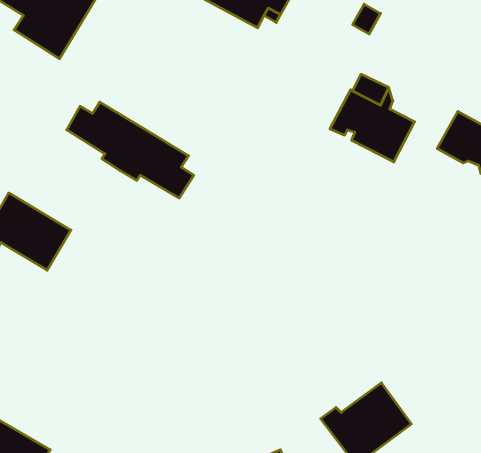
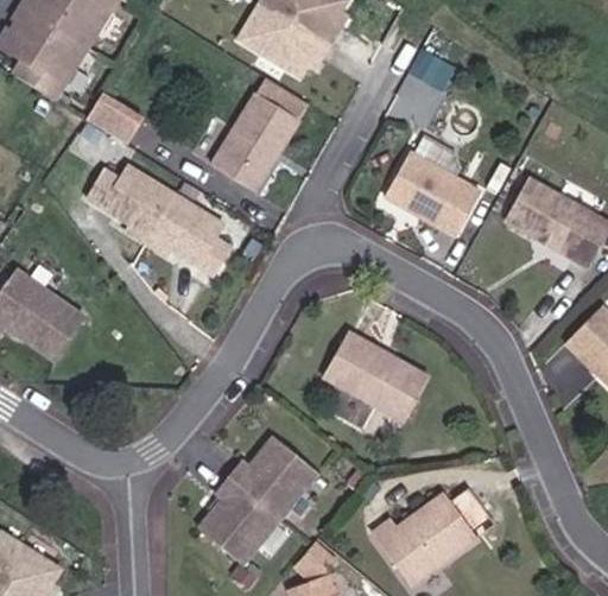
building: none -> [201,77,308,205]
building: none -> [81,93,141,141]
building: none -> [324,332,425,416]
building: none -> [195,432,316,559]

